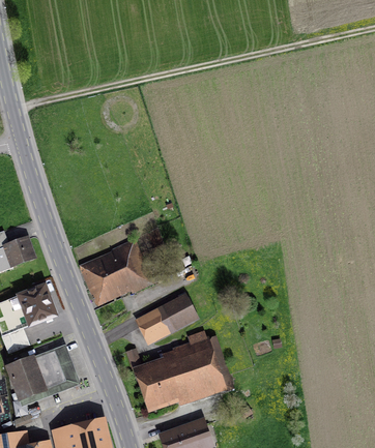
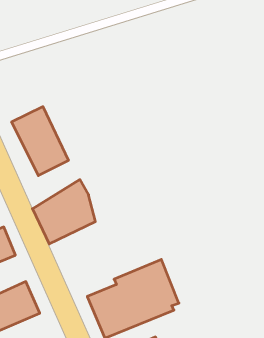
building: none -> [12,107,68,176]
building: [135,295,198,345] -> none

